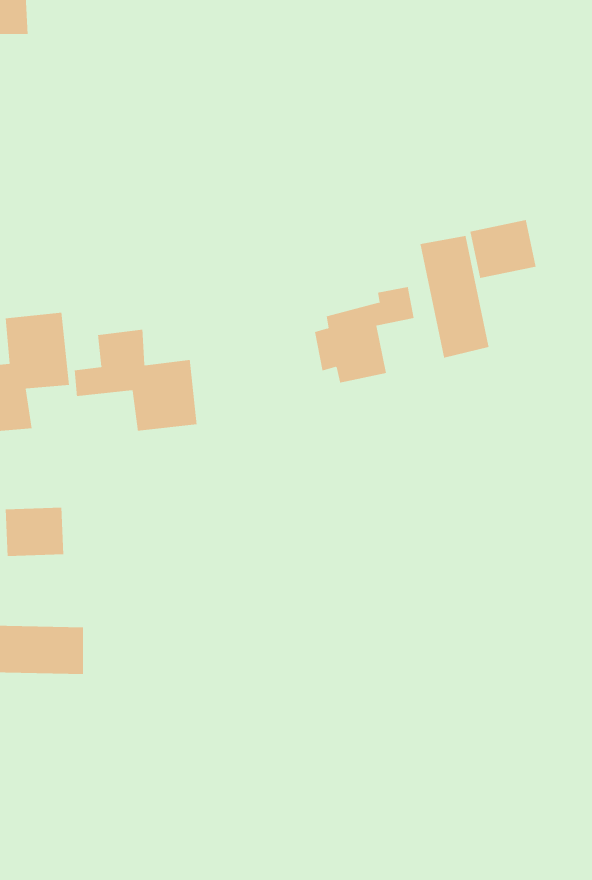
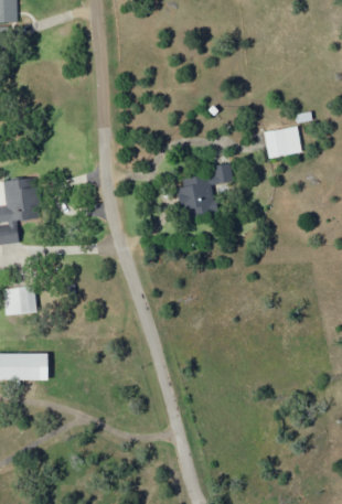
building: [420,235,489,358] -> none
building: [74,329,197,432] -> none

